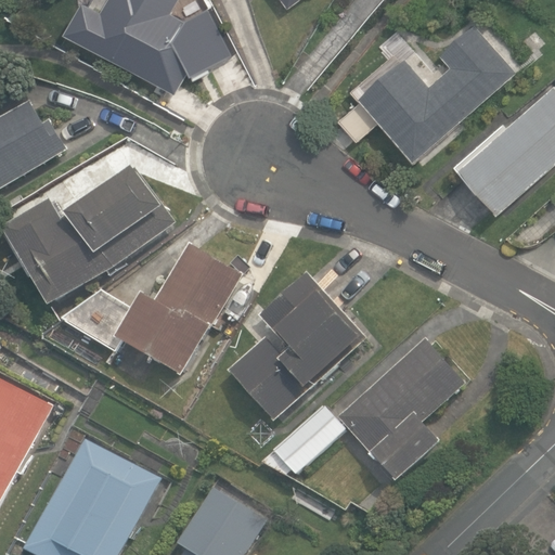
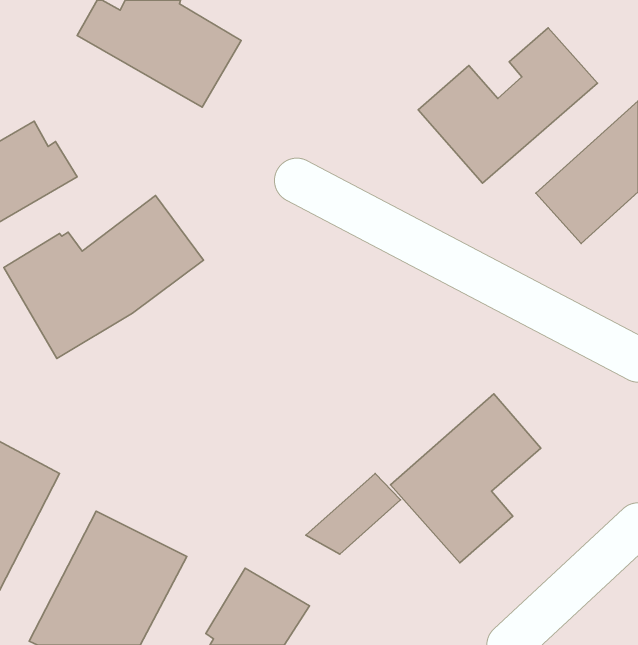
building: [62,243,244,378] -> none
building: [227,273,365,423] -> none

